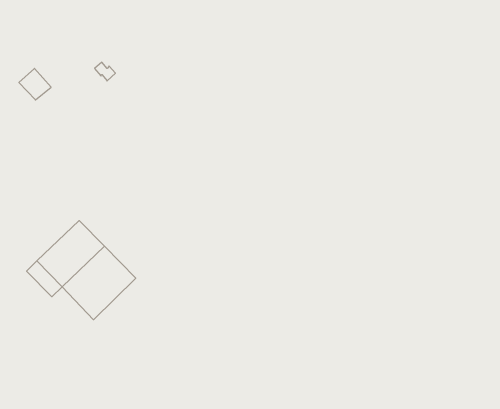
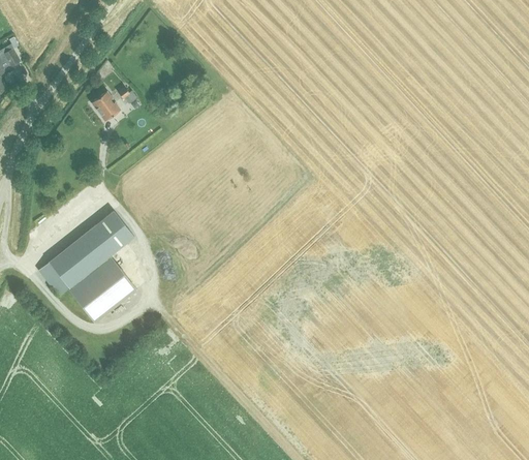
building: [19,68,51,100] -> [91,91,120,120]
building: none -> [90,211,133,255]

